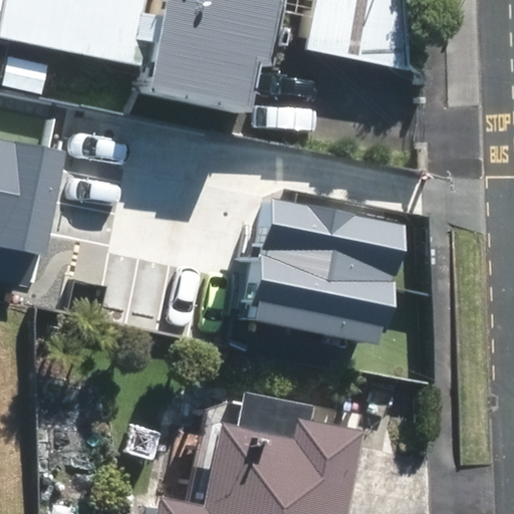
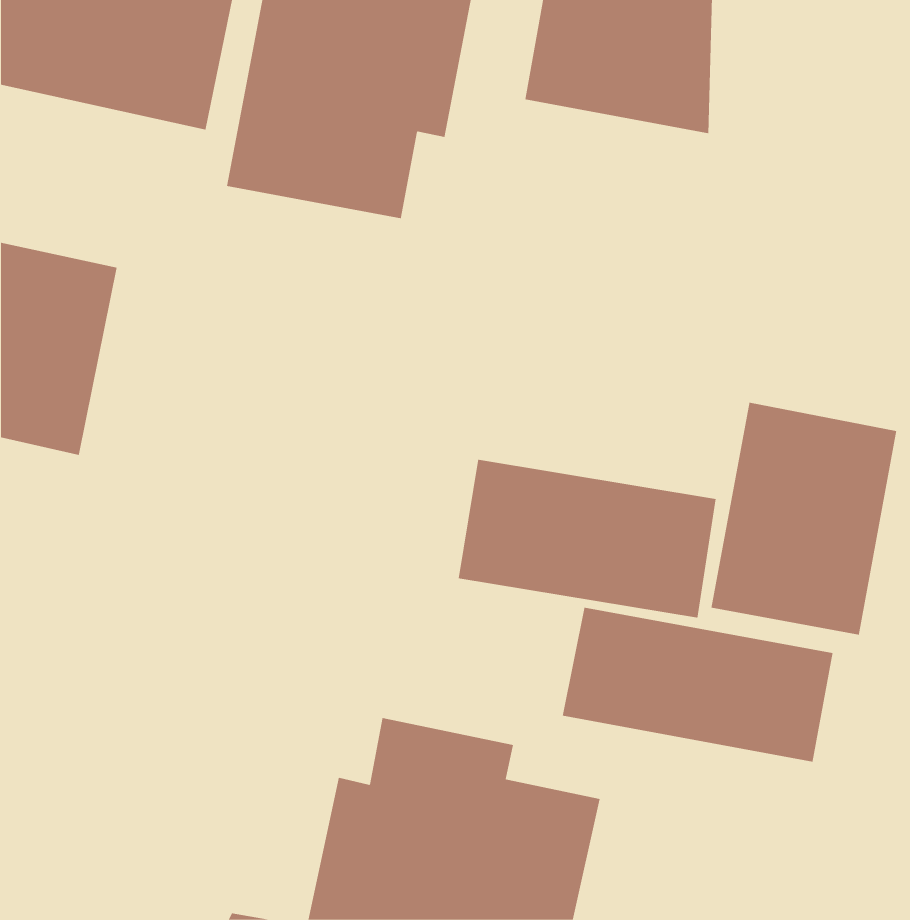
building: [273,198,416,277] -> none
building: none -> [711,402,897,636]
building: none -> [562,607,833,762]

